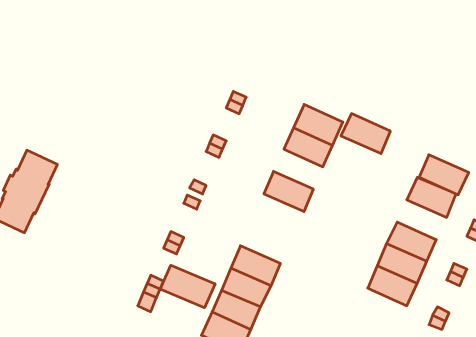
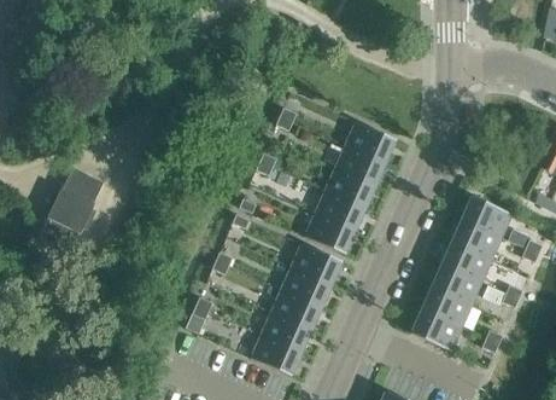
building: [341,114,390,154] -> [324,167,375,208]
building: [419,155,469,195] -> [451,219,502,260]
building: none -> [304,213,356,254]
building: none -> [291,243,343,284]
building: [160,265,215,308] -> none
building: none -> [410,309,461,350]

